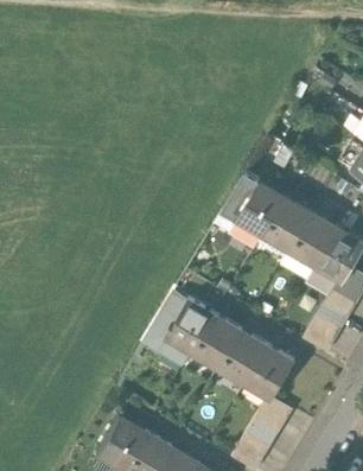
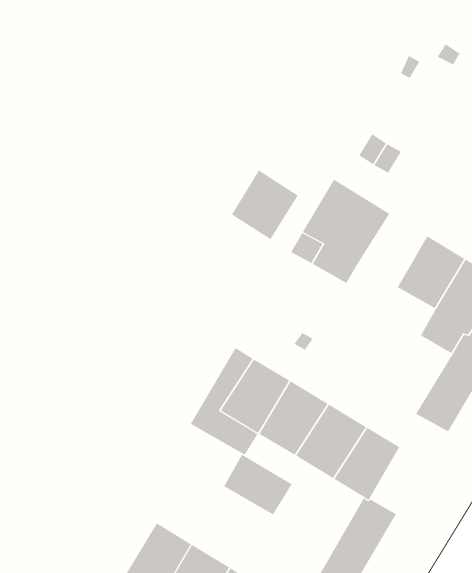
building: none -> [231,169,299,240]
building: [265,196,313,248] -> none
building: none -> [223,454,292,515]

